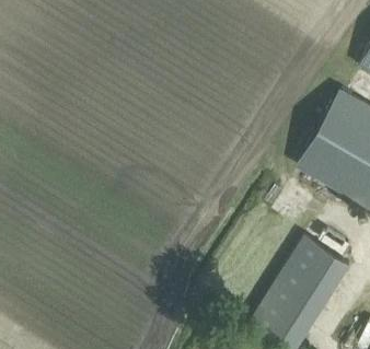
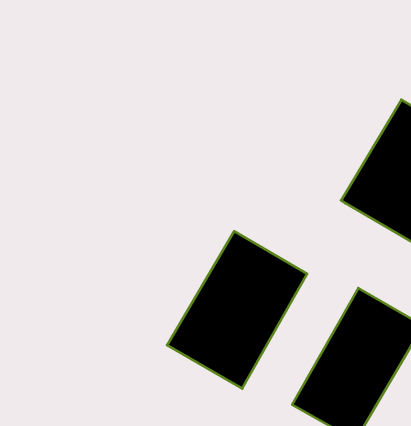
building: none -> [167,231,307,389]

